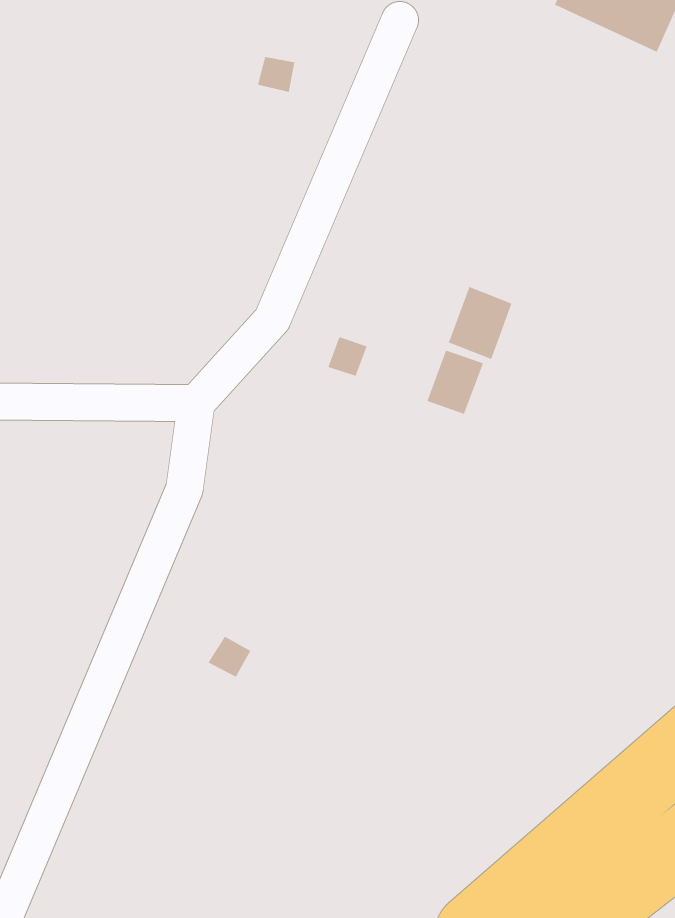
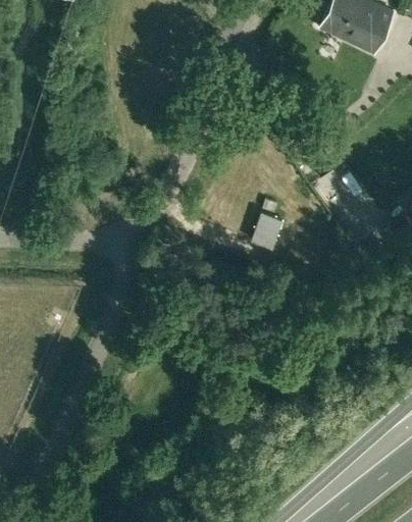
building: [448,286,512,360] -> none

